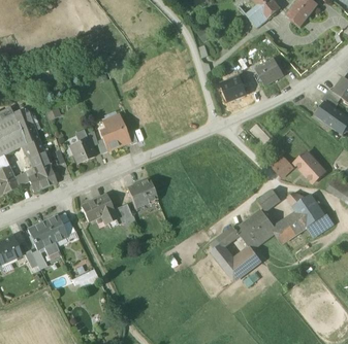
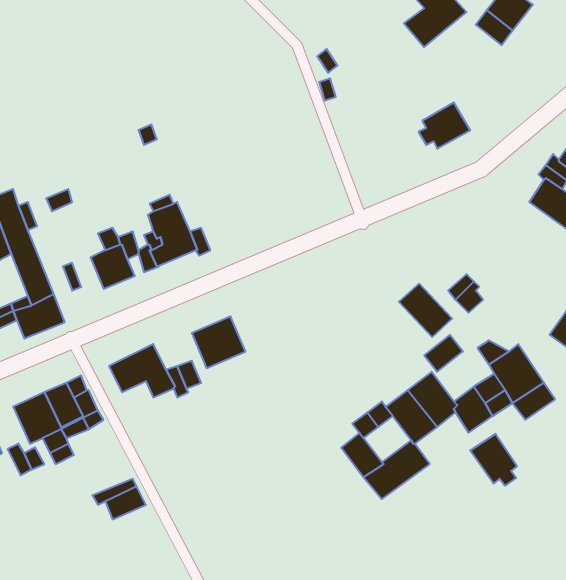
building: [221,76,247,101] -> none
building: [294,151,324,181] -> [399,284,452,337]
building: none -> [470,434,517,486]

